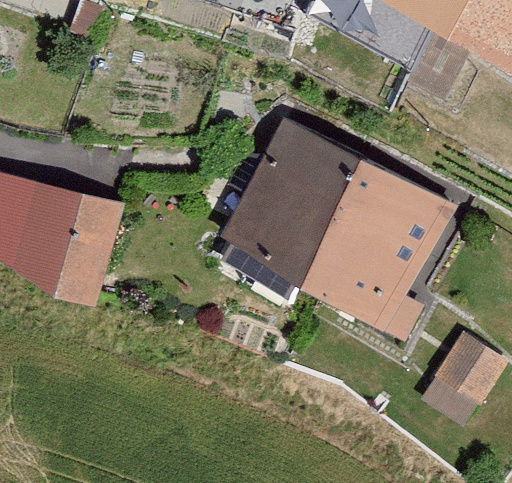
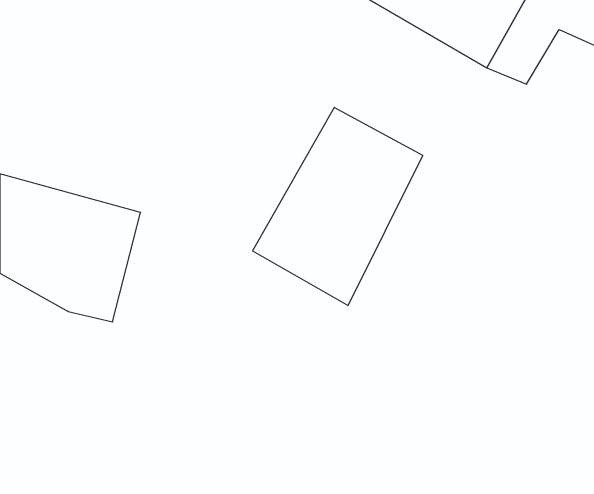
building: [299,155,453,342] -> none
building: [425,340,501,423] -> none

